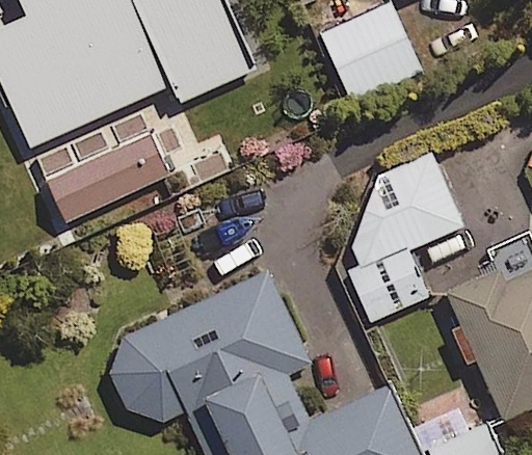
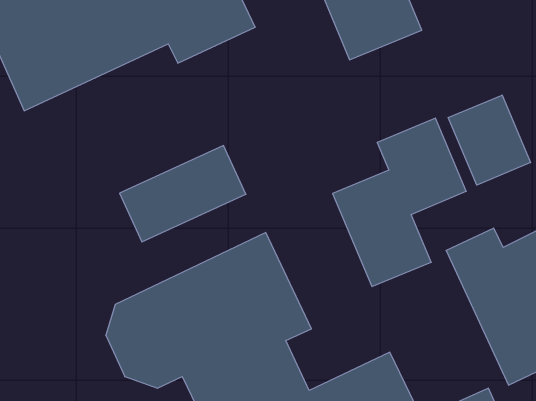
building: [47,129,170,223] -> [120,146,246,242]
building: none -> [448,95,531,185]

